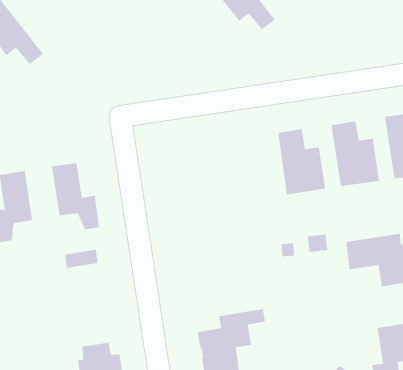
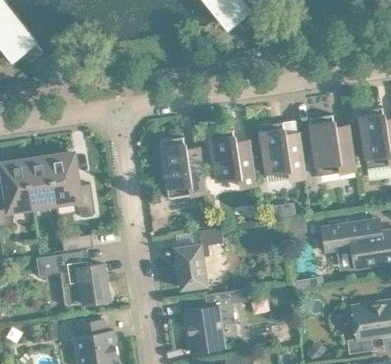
building: none -> [209,129,254,187]
building: none -> [159,136,204,198]
building: none -> [25,156,56,206]
building: none -> [175,227,223,288]
building: none -> [35,250,108,306]

